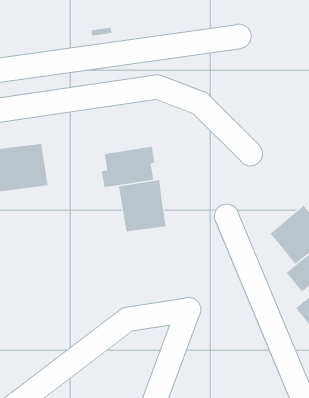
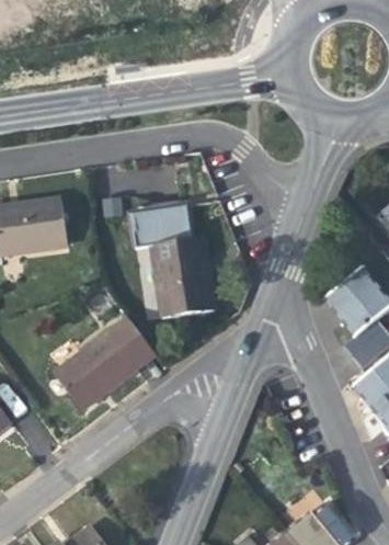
building: none -> [163,286,215,317]
building: none -> [53,316,156,410]

